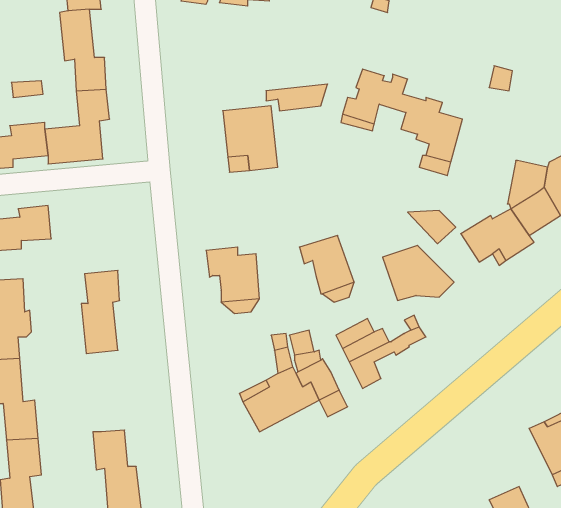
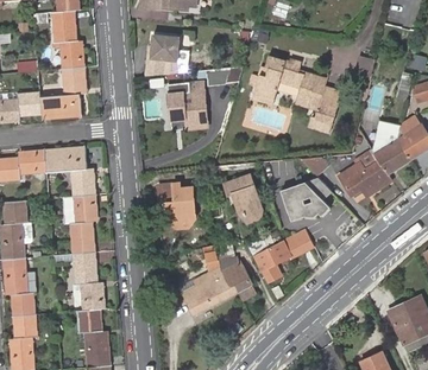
building: none -> [144,32,178,75]
building: none -> [43,147,93,199]
building: none -> [70,254,103,312]

